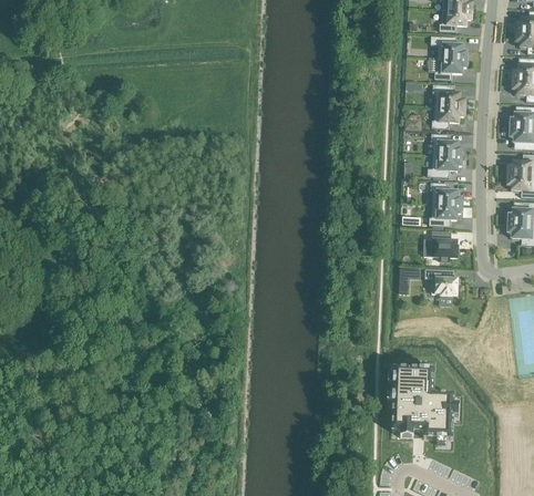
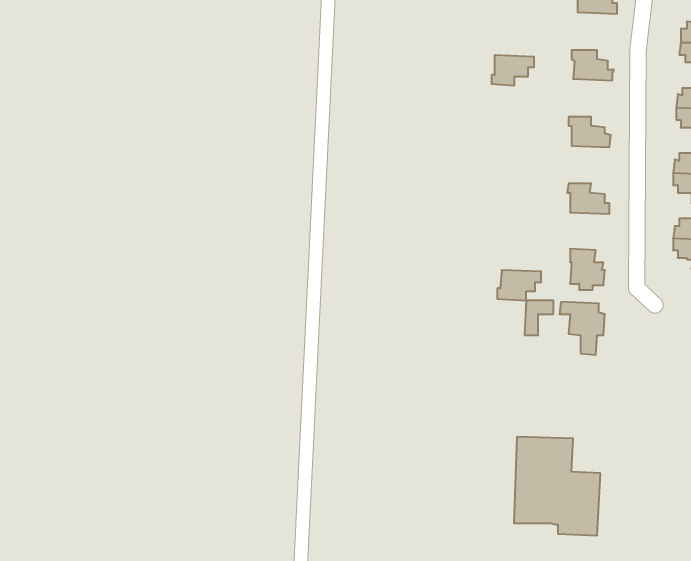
building: [434,56,466,79] -> none
building: [432,105,463,127] -> [492,55,534,85]
building: [428,154,461,176] -> none
building: [429,203,461,225] -> [497,270,541,300]

